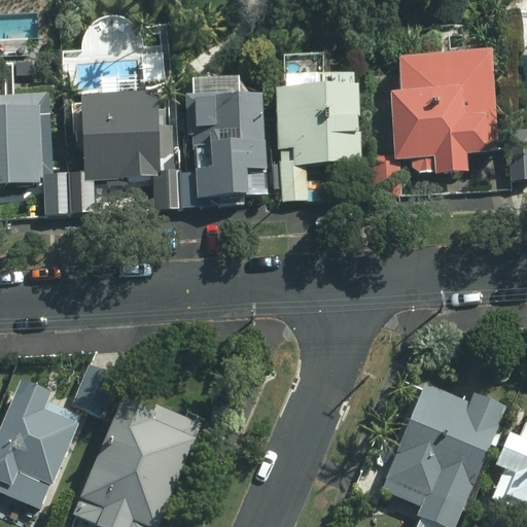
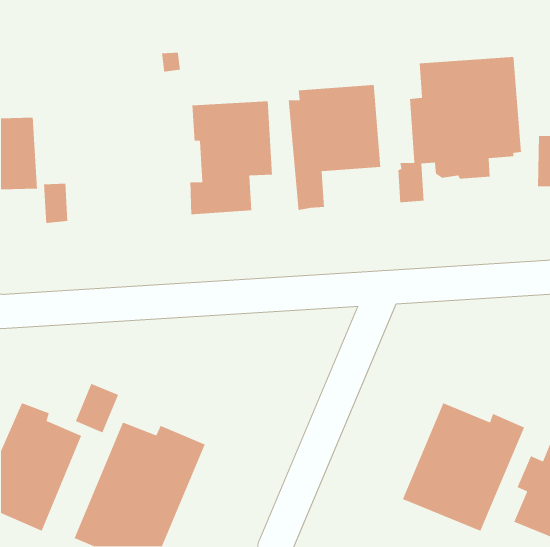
building: [71,98,180,211] -> none

